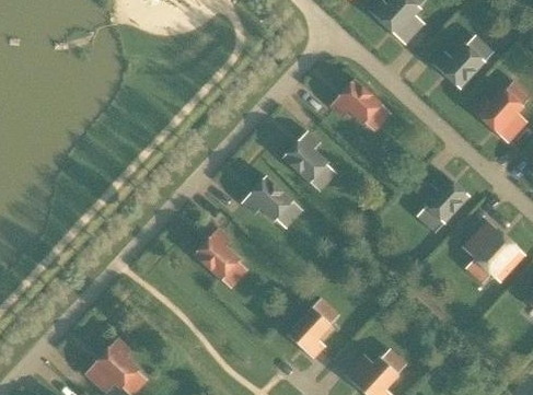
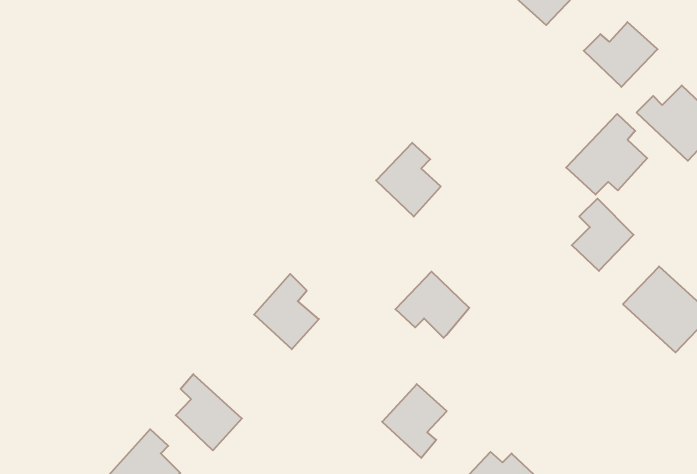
building: [332,80,384,127] -> none
building: none -> [566,114,647,195]
building: [242,176,296,224] -> [395,272,469,338]
building: none -> [176,374,242,450]

